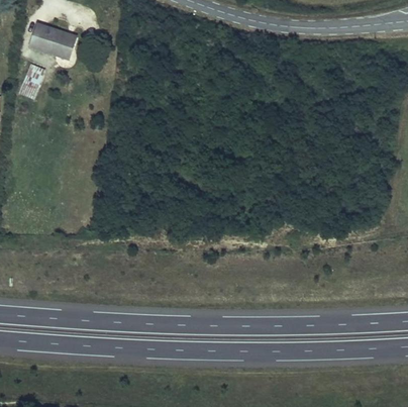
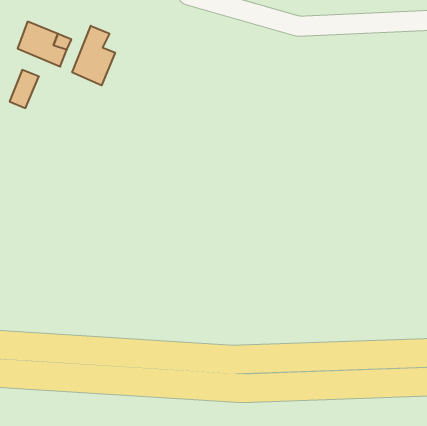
building: none -> [72,26,115,85]

